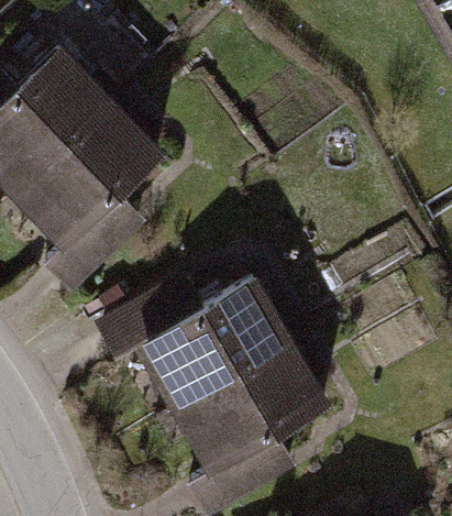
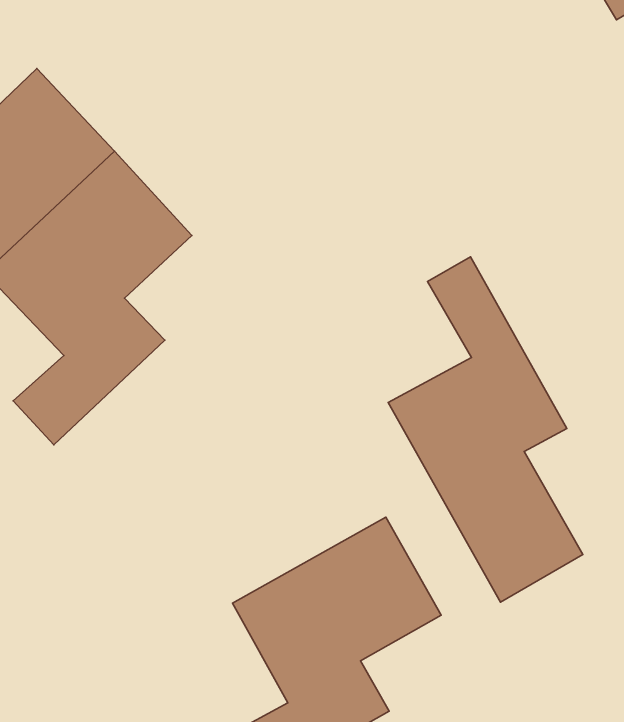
building: none -> [388,257,583,602]
building: [95,273,288,398] -> none

